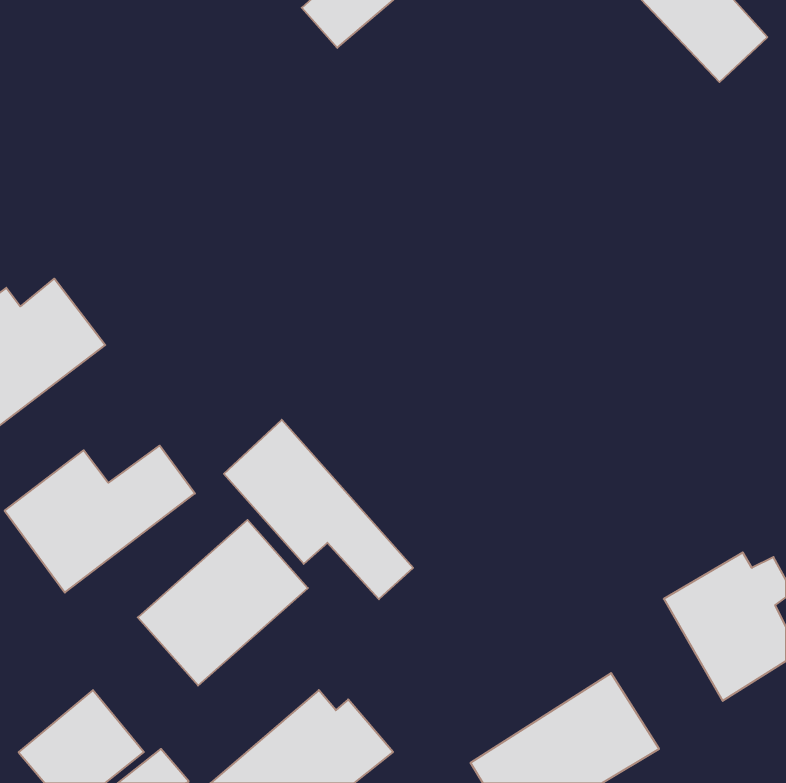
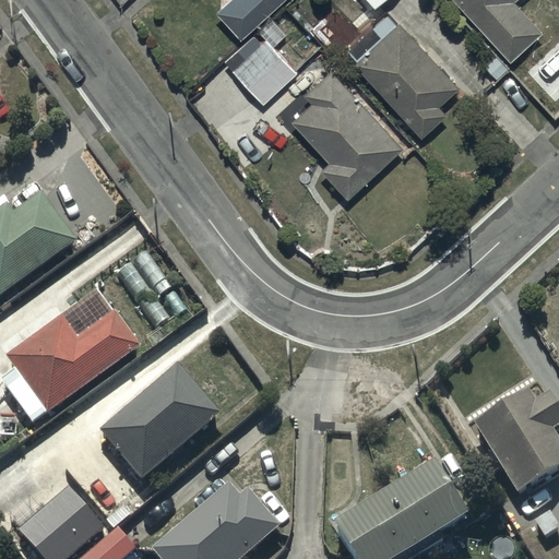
building: none -> [341,7,456,133]
building: none -> [230,34,295,98]
building: none -> [292,66,402,195]
building: [224,420,413,599] -> none

